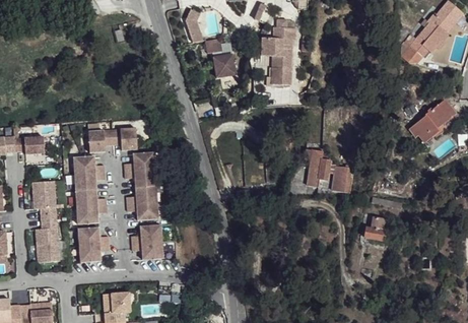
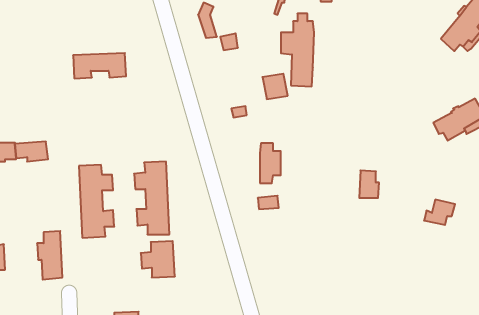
building: [213,53,237,76] -> [262,74,288,99]
building: [90,130,139,153] -> [73,53,126,78]
building: [309,146,328,183] -> [260,143,281,183]
building: [34,181,58,219] -> none
building: [362,215,391,239] -> [424,200,455,225]
building: [79,229,110,262] -> none

